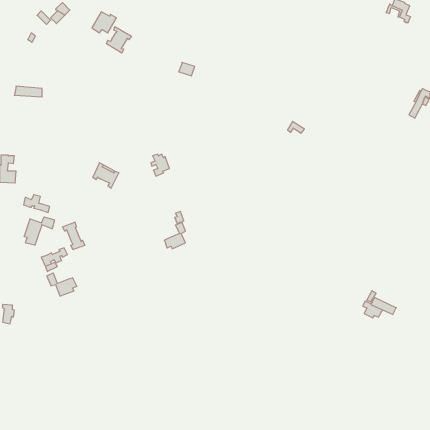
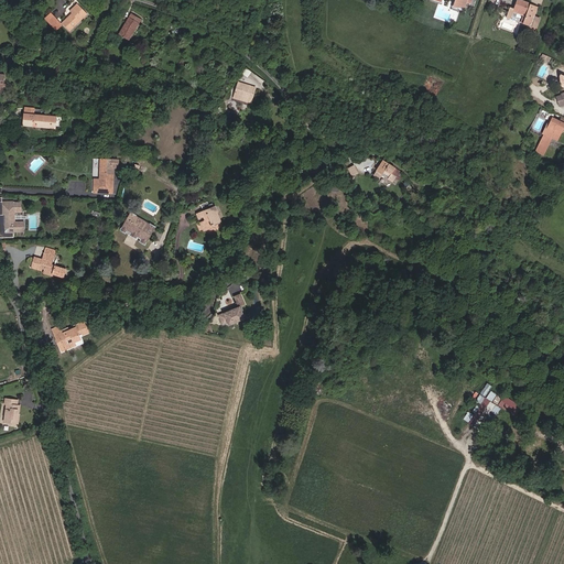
building: [107,27,131,53] -> none
building: none -> [90,159,116,193]
building: [24,217,55,245] -> none
building: [63,222,85,250] -> none
building: [47,273,77,296] -> none

